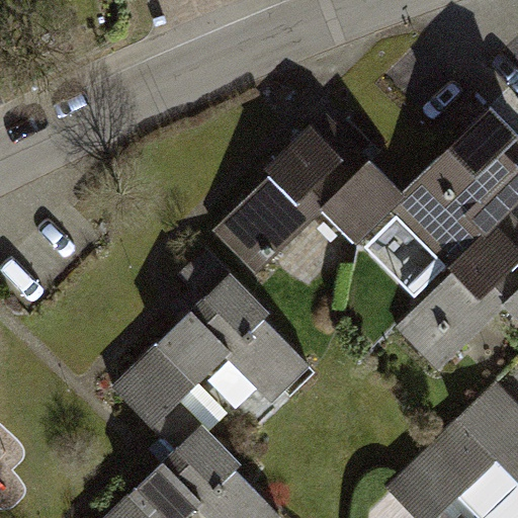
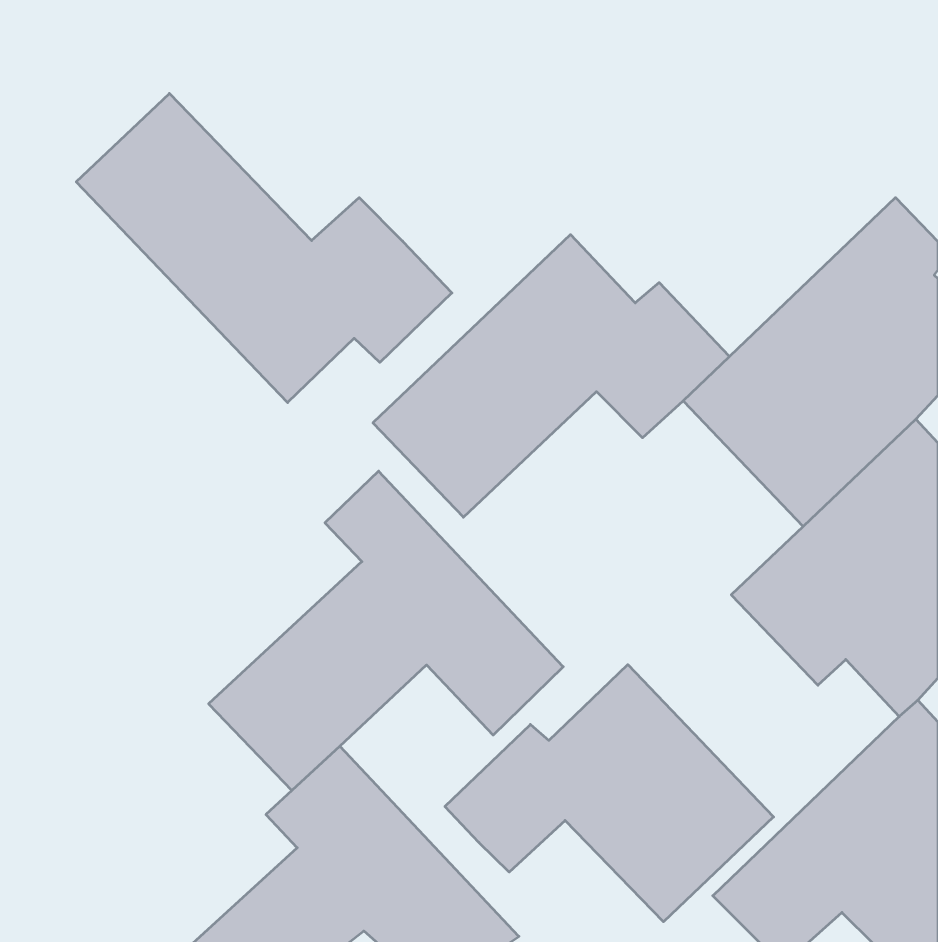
building: none -> [76,93,452,403]
building: none -> [445,665,774,922]

